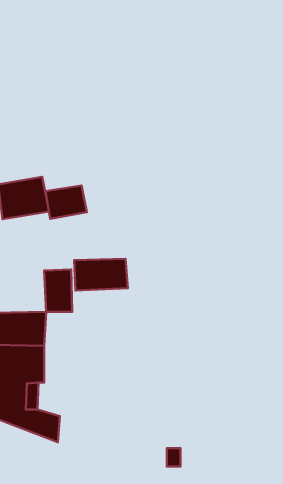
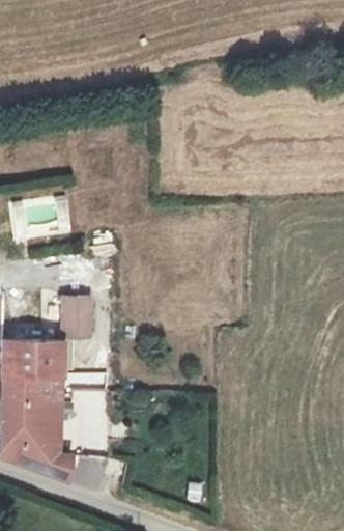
building: [46,186,87,219] -> none
building: [74,259,128,291] -> none

